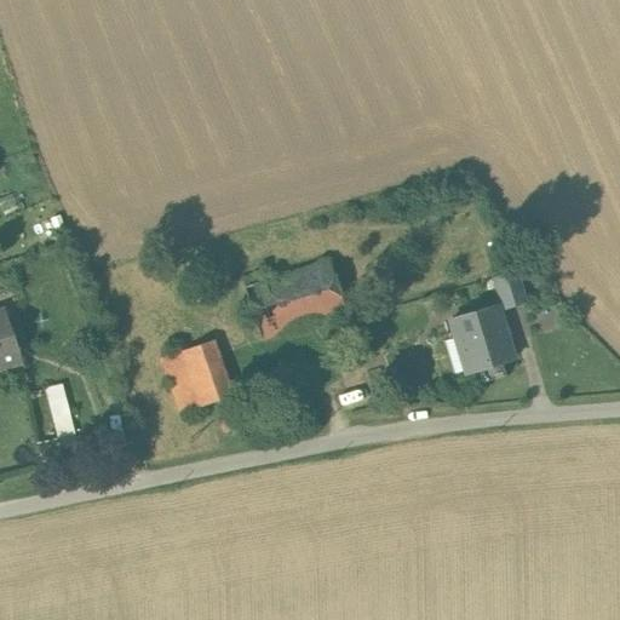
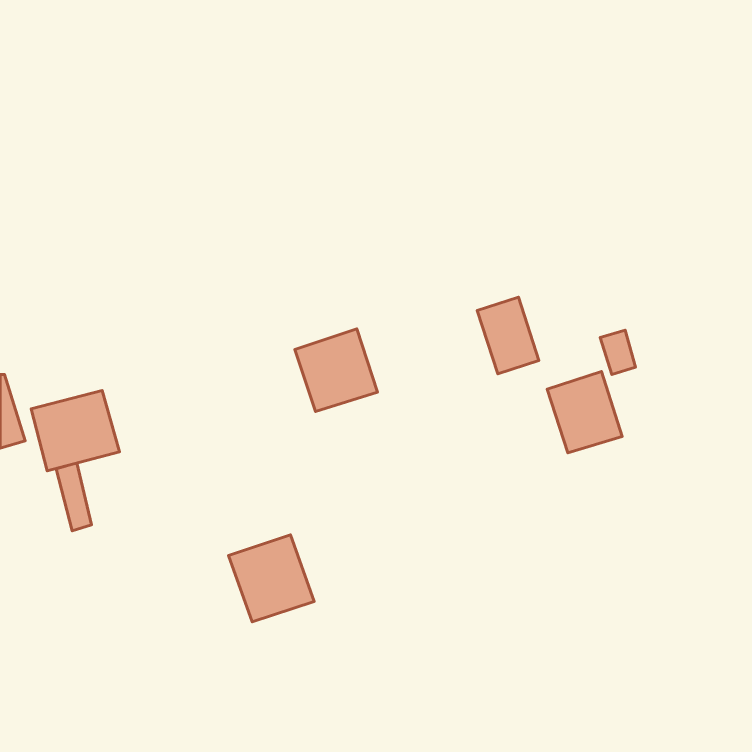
building: [294,259,345,322] -> [477,297,539,374]
building: none -> [31,391,120,471]
building: [161,340,231,412] -> [229,535,314,622]

